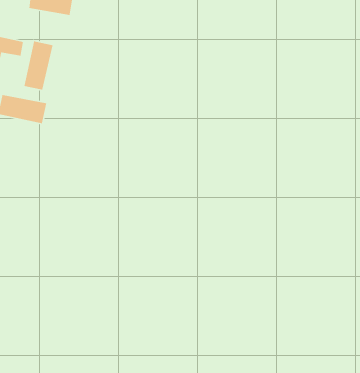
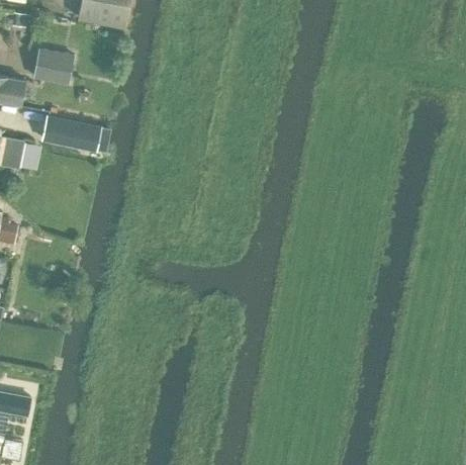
building: [23,40,54,91] -> none

